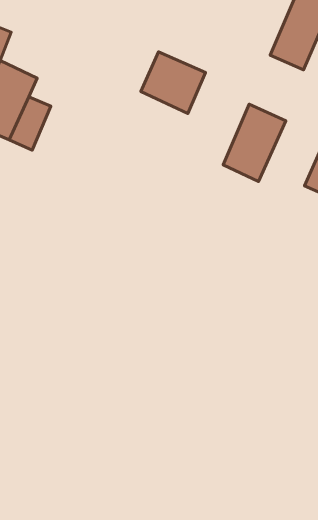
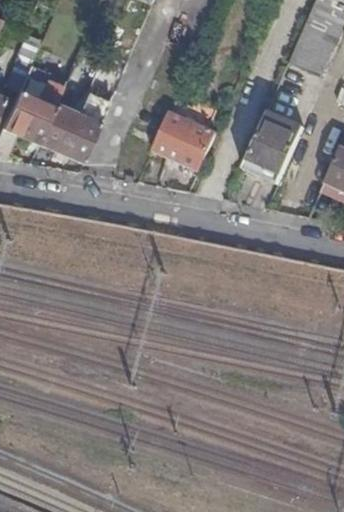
building: [141,52,206,113] -> [153,111,215,170]
building: none -> [60,111,100,163]

